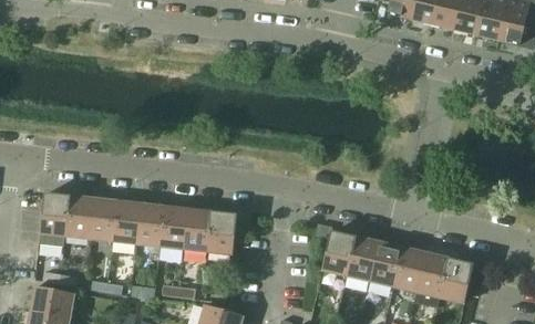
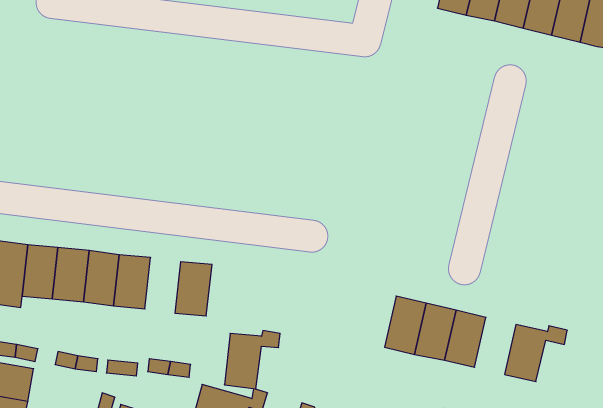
building: [160,206,187,249] -> none
building: [207,209,250,254] -> [224,331,280,389]
building: [315,222,354,275] -> none
building: [414,252,447,305] -> none

